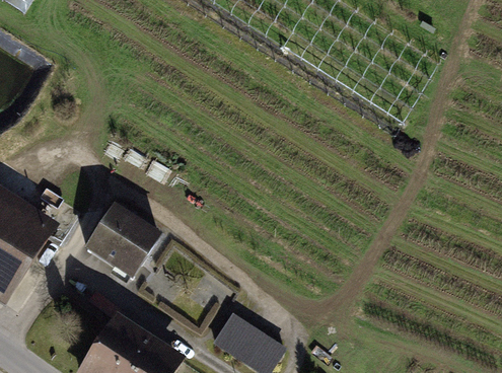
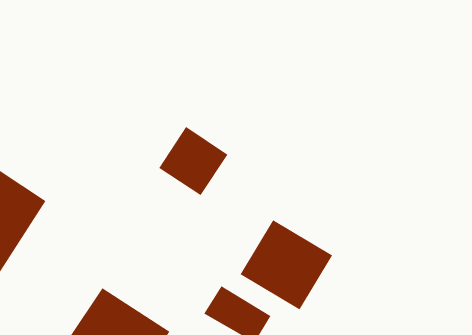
building: [84,201,156,273] -> [158,126,229,196]
building: none -> [239,219,333,311]

